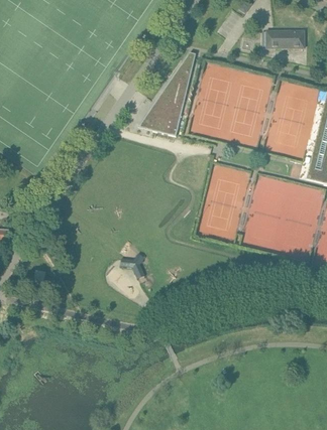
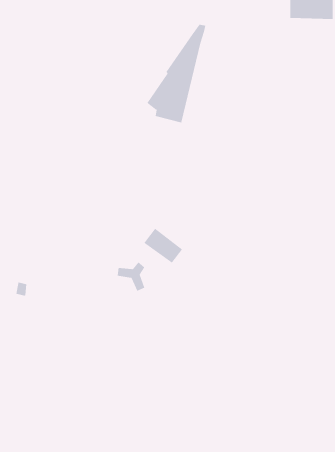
building: none -> [144,228,183,263]

